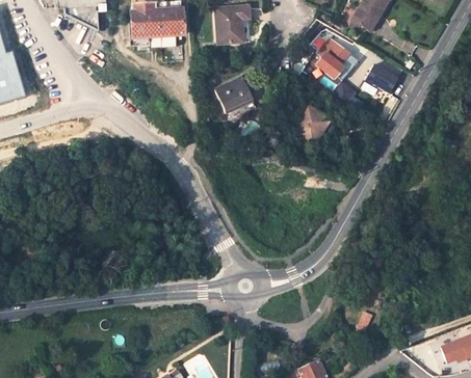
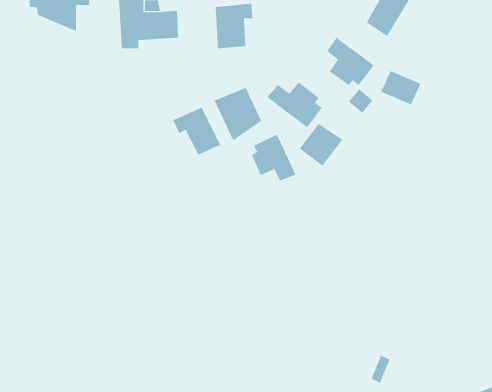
building: none -> [267,81,323,128]
building: none -> [173,107,221,156]
building: none -> [251,134,296,182]

